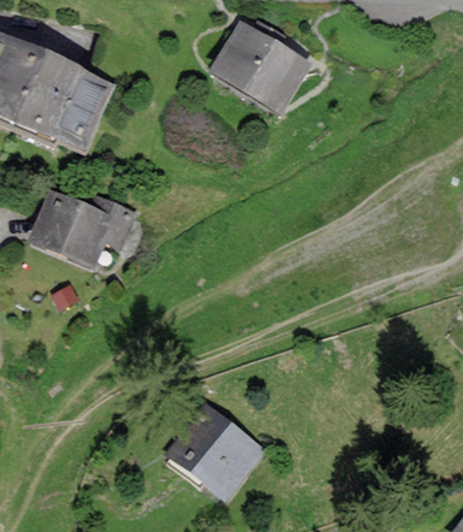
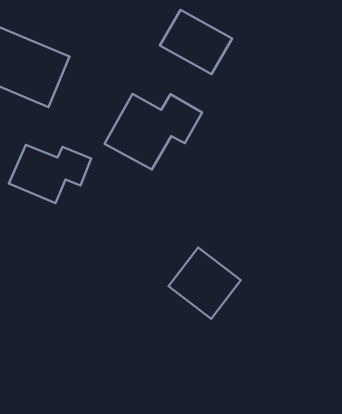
building: none -> [105,94,202,170]
building: [172,398,260,485] -> [168,248,241,319]

